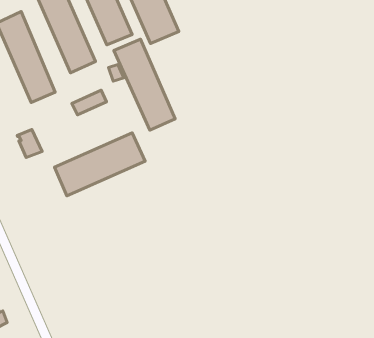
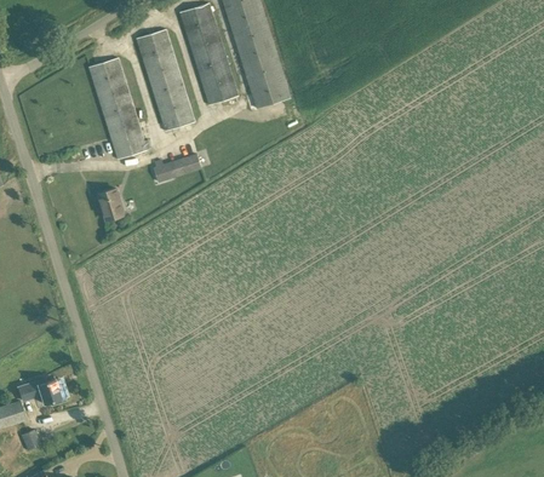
building: [114,39,175,130] -> none
building: [55,133,145,196] -> none

